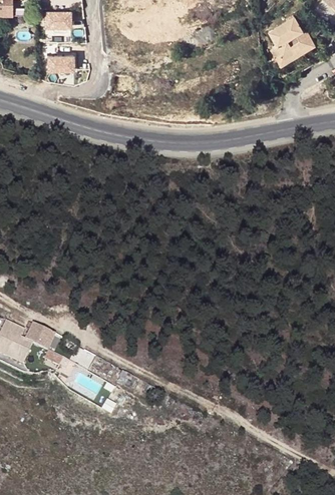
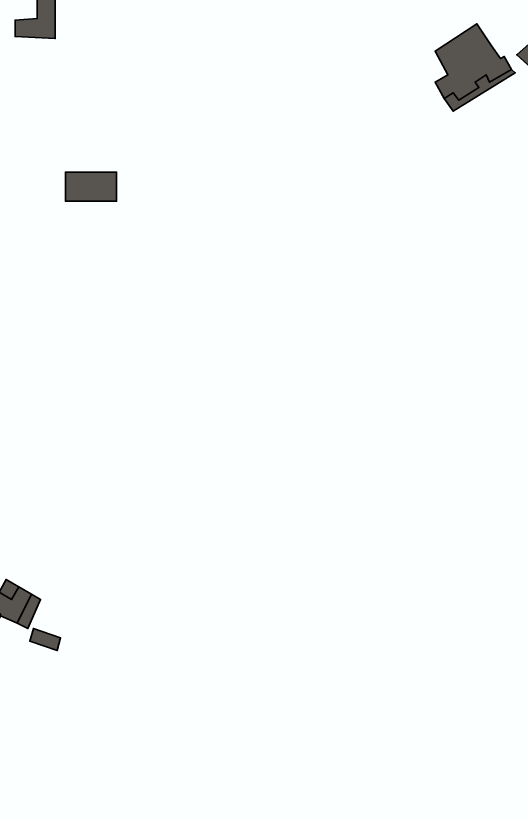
building: [50,53,78,69] -> [65,172,116,201]

